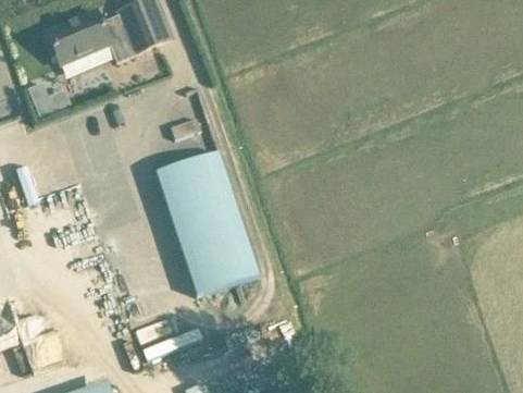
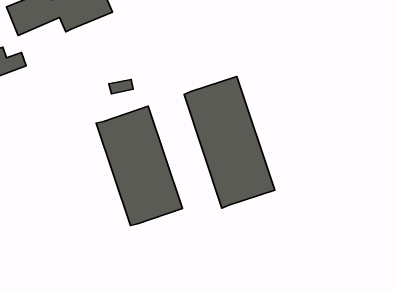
building: none -> [184,77,275,208]

